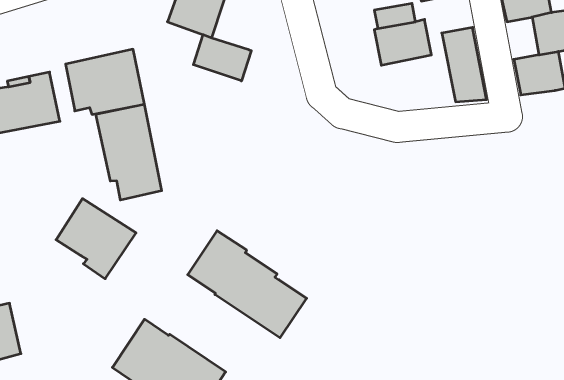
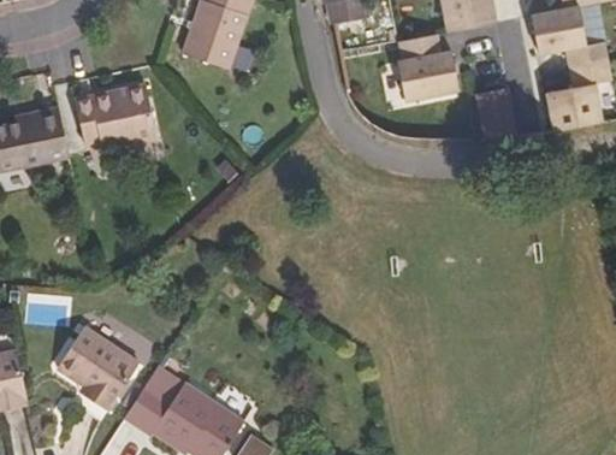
building: [193,35,251,81] -> none
building: [96,104,162,200] -> none
building: [56,199,136,279] -> [55,325,140,409]
building: [188,231,307,338] -> none

